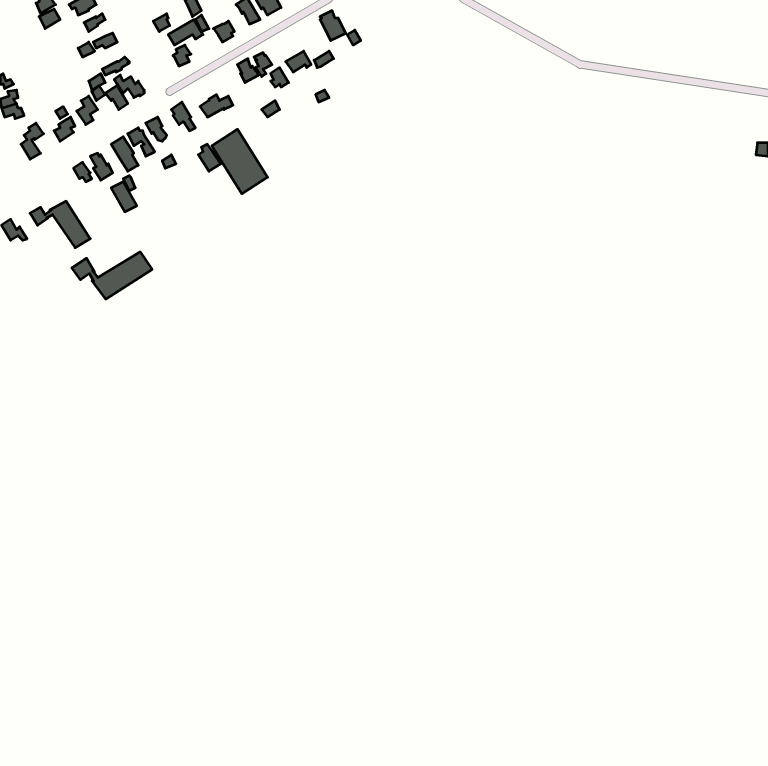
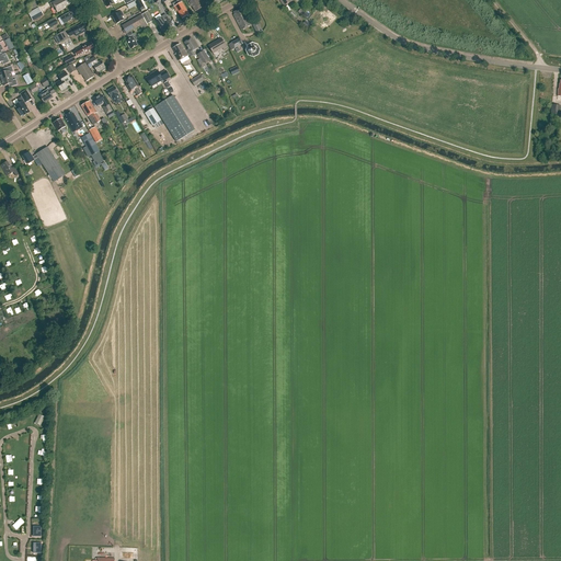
building: [72,252,152,299] -> none

